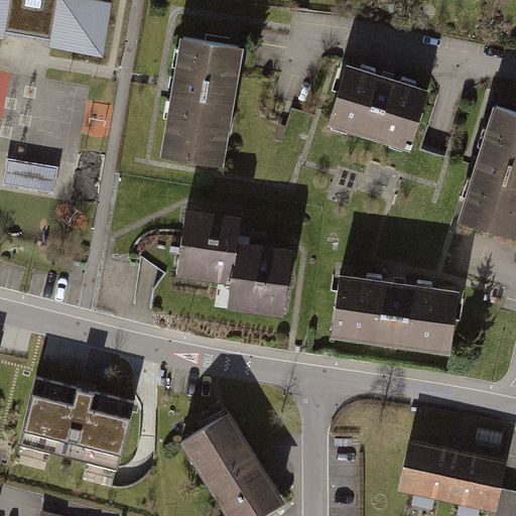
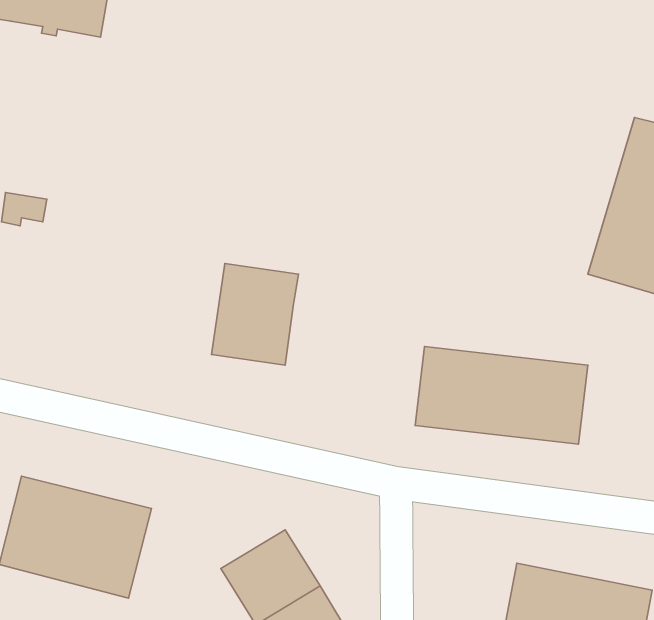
building: [162,40,249,169] -> none
building: [327,66,428,147] -> none
building: [227,247,294,324] -> none

